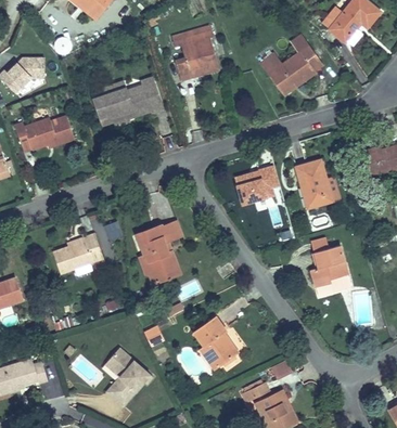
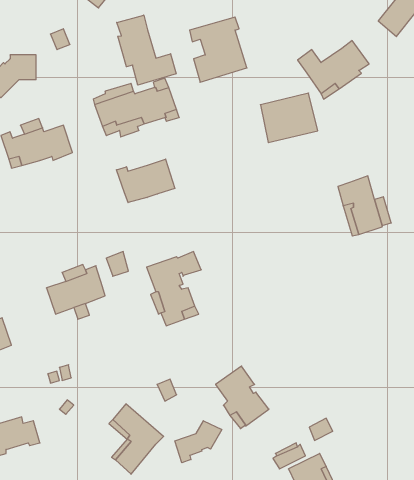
building: none -> [117,15,176,85]
building: none -> [116,159,175,203]
building: [232,167,280,208] -> [260,93,318,143]
building: [310,239,350,295] -> none
building: none -> [175,421,222,463]

